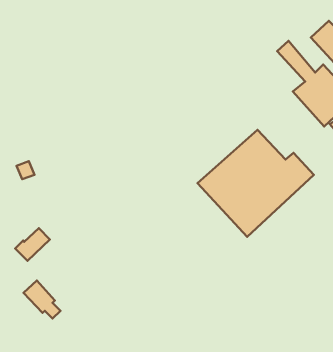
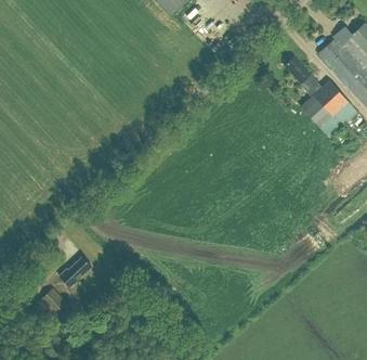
building: [198,130,314,237] -> none
building: [15,228,50,261] -> [58,254,92,285]

